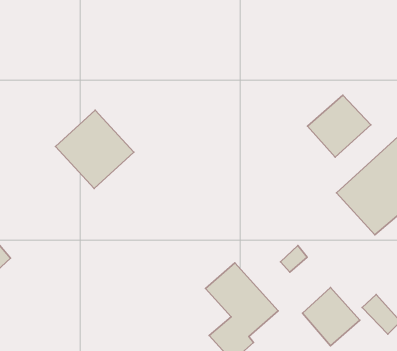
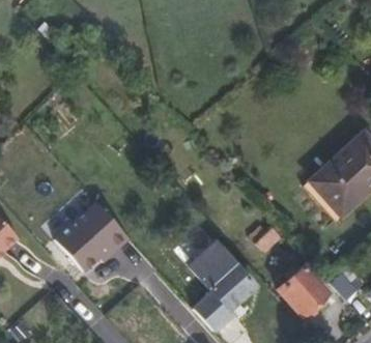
building: [308,95,371,157] -> none
building: [56,110,134,189] -> [55,202,124,271]

